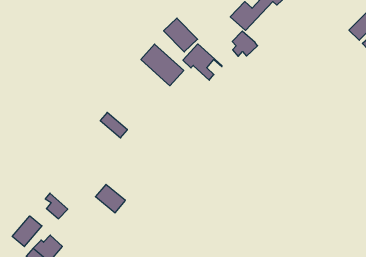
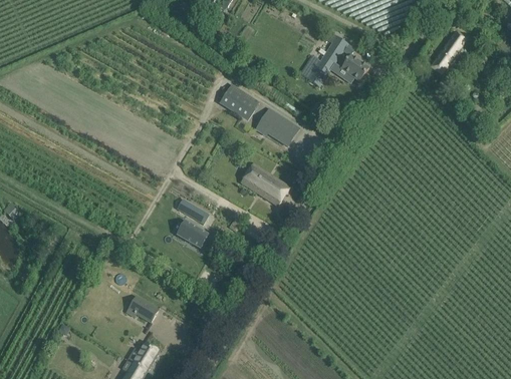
building: [232,31,258,56] -> [340,55,368,83]
building: [141,44,184,86] -> [241,163,289,206]
building: [95,184,125,213] -> [175,220,208,249]
building: [12,216,42,247] -> none

